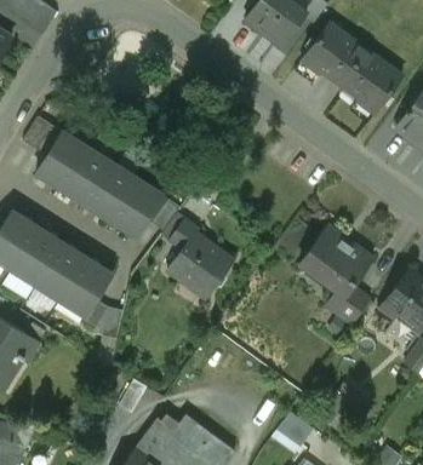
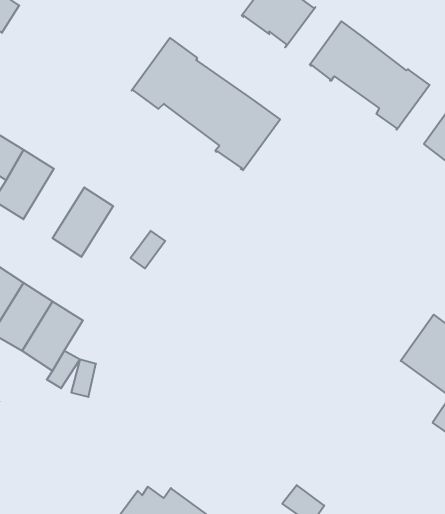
building: none -> [132,38,280,170]
building: [62,147,113,205] -> none
building: [110,178,162,236] -> none
building: [170,218,234,295] -> none
building: [299,226,372,322] -> none

